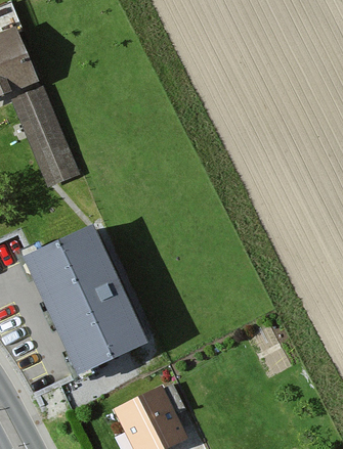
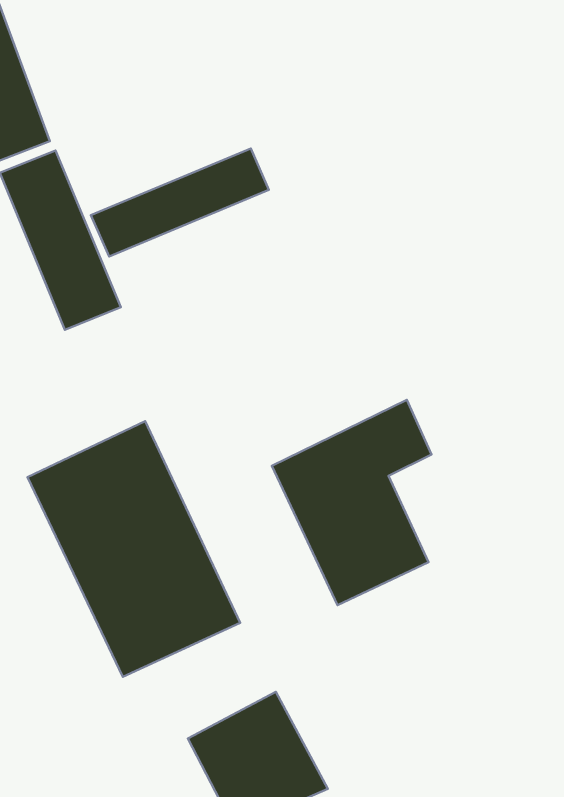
building: none -> [91,148,269,257]
building: none -> [272,400,431,605]

